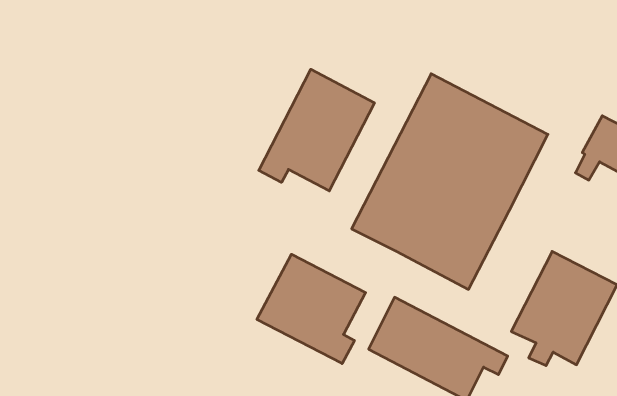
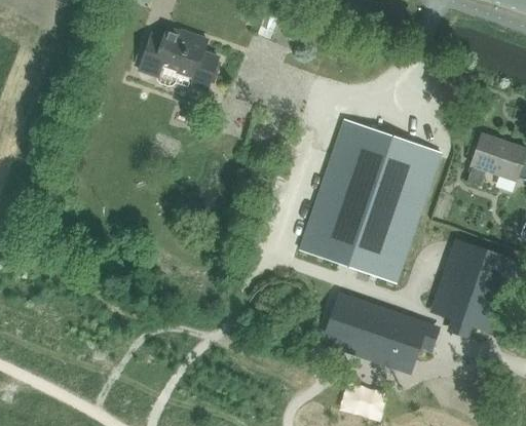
building: [259,69,374,191] -> none
building: [257,254,366,364] -> none

